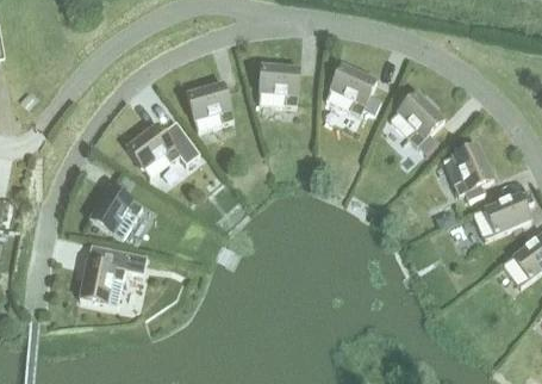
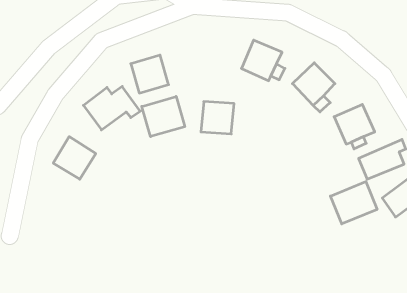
building: [257,64,299,105] -> [201,102,234,134]
building: none -> [142,96,185,137]
building: none -> [330,182,377,224]
building: [79,243,150,306] -> none

